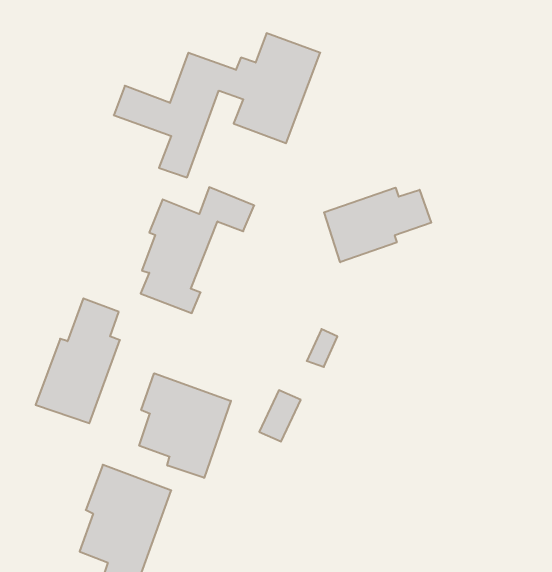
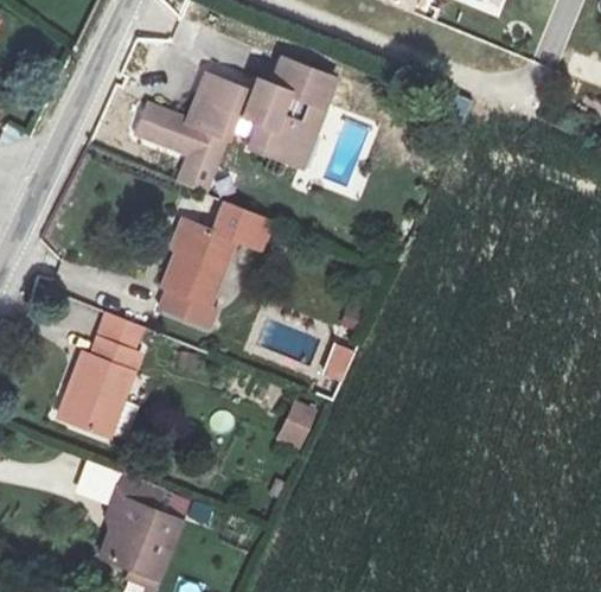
building: [324,188,431,262] -> none
building: [139,373,231,478] -> none

